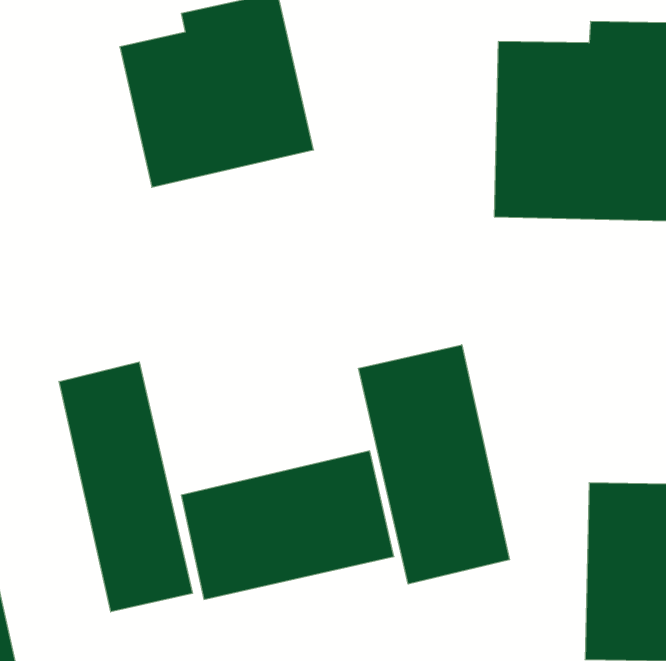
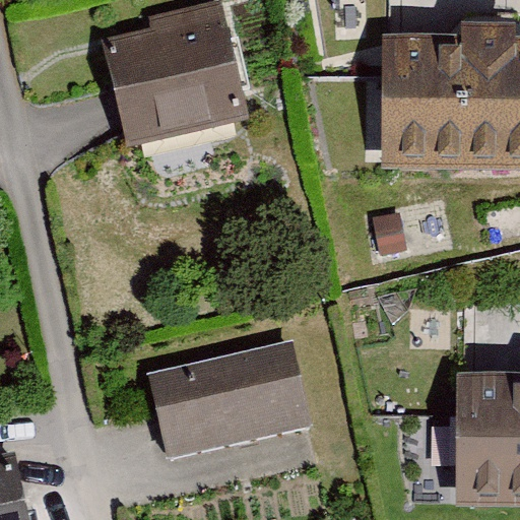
building: [359,345,510,584] -> none
building: [59,362,192,612] -> none

